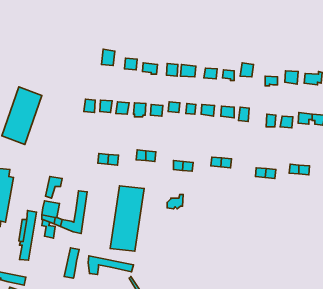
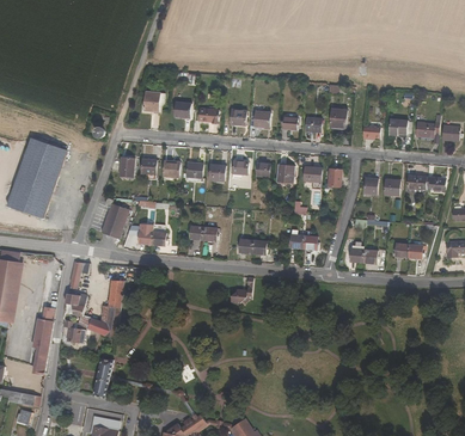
building: none -> [102,201,130,238]
building: [110,186,144,251] -> none
building: [88,256,134,274] -> none

